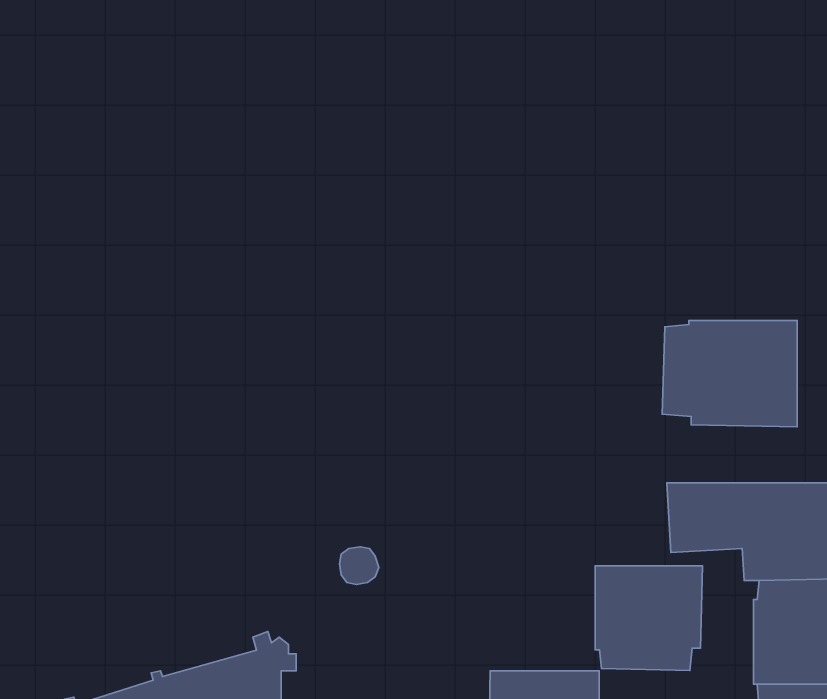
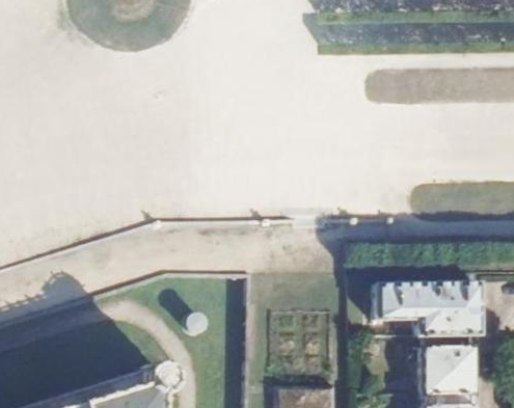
building: [662,320,797,427] -> none
building: [595,566,703,670] -> none

